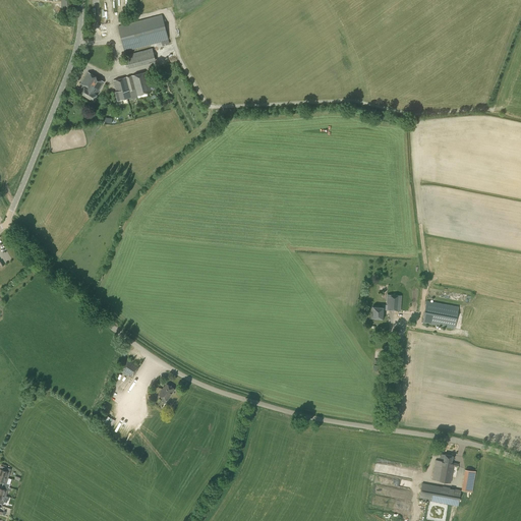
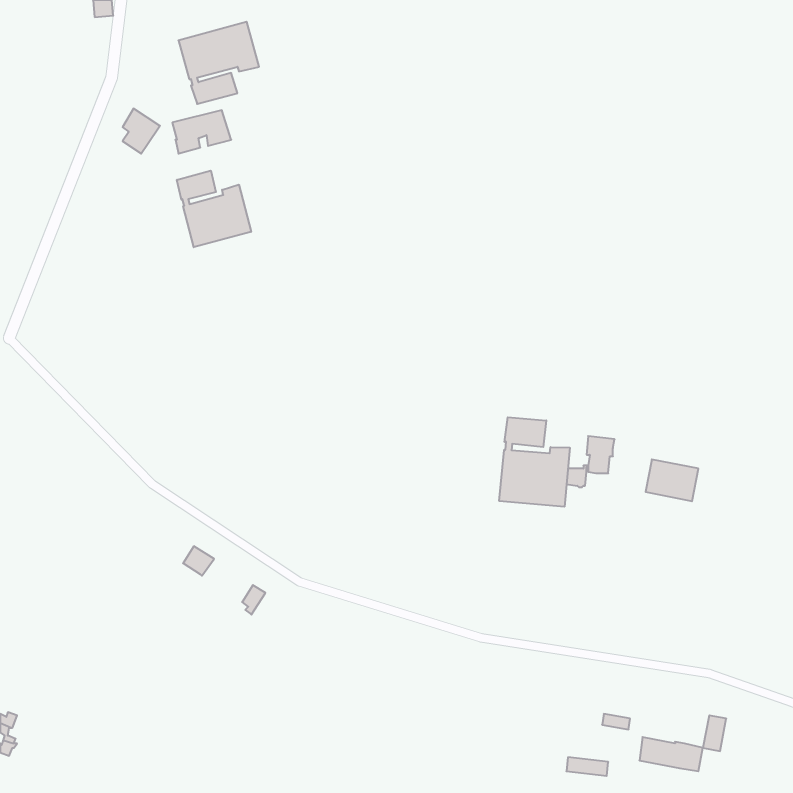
building: none -> [177,171,251,247]
building: none -> [499,417,570,507]
building: [431,454,458,482] -> none

